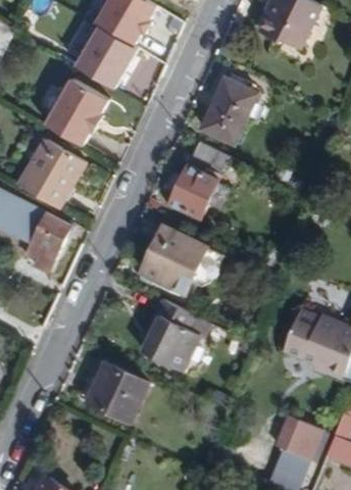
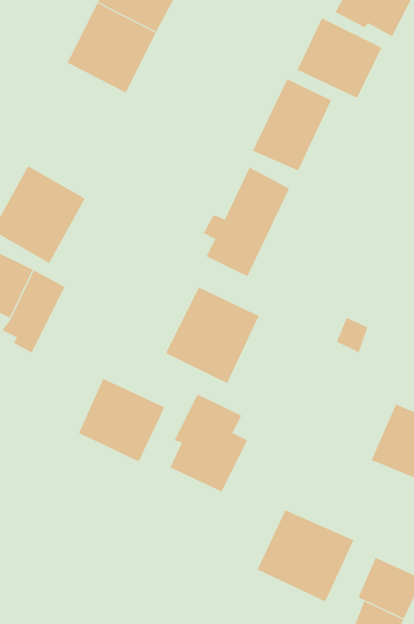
building: none -> [297,18,382,98]
building: [47,80,109,146] -> none
building: [87,361,148,421] -> [78,378,165,462]
building: none -> [257,509,354,602]

